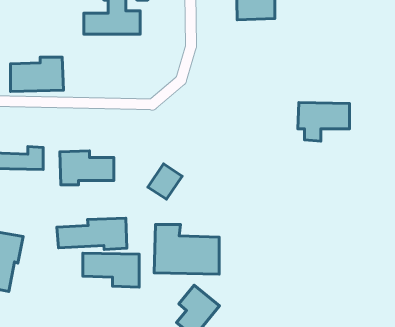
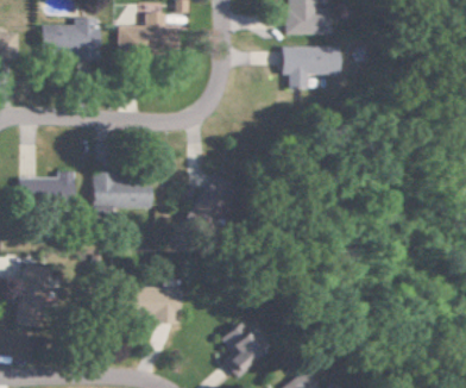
building: [10,57,63,91] -> [43,18,100,55]
building: [298,103,350,141] -> [279,45,335,87]
building: [57,218,127,249] -> none
building: [154,224,219,274] -> none

